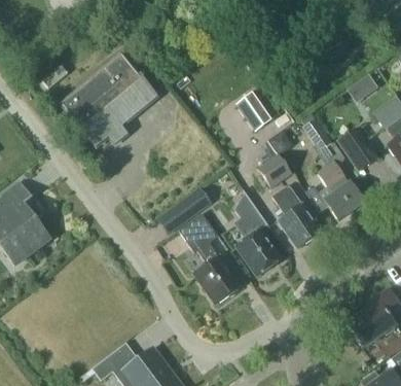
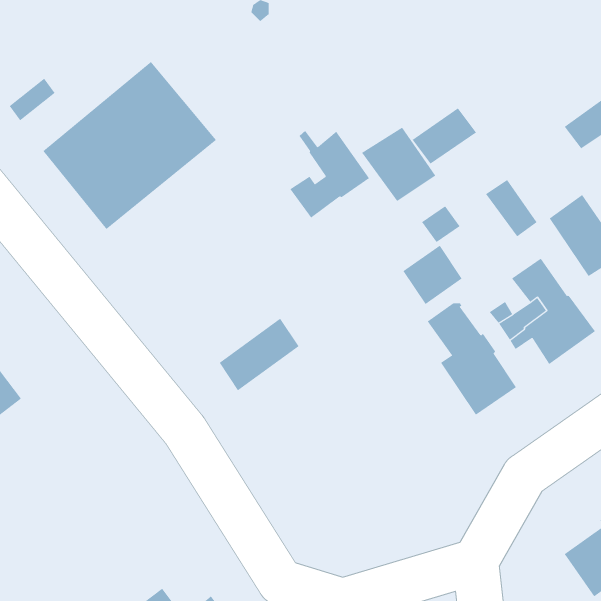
building: none -> [412,108,477,165]
building: none -> [290,130,370,219]
building: [234,191,280,274] -> none
building: [178,212,241,303] -> none

